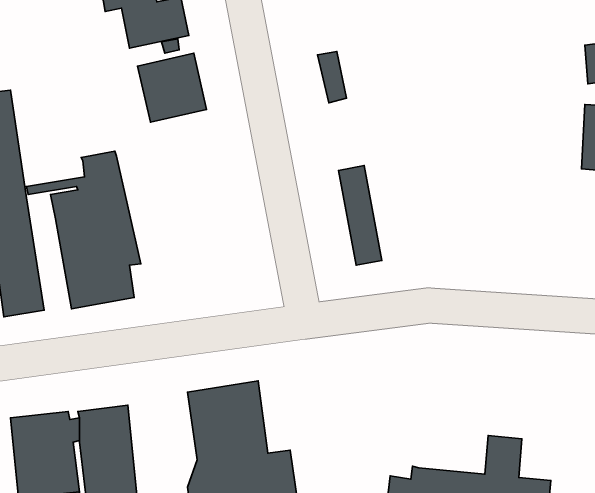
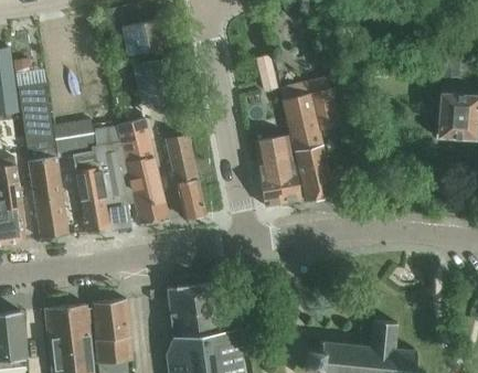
building: none -> [279,81,343,201]
building: none -> [117,118,168,224]
building: none -> [53,119,96,149]
building: none -> [167,136,205,220]
building: none -> [253,138,283,206]

